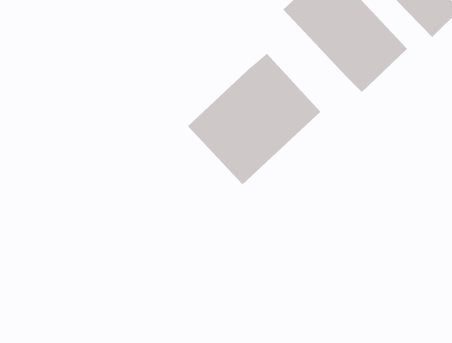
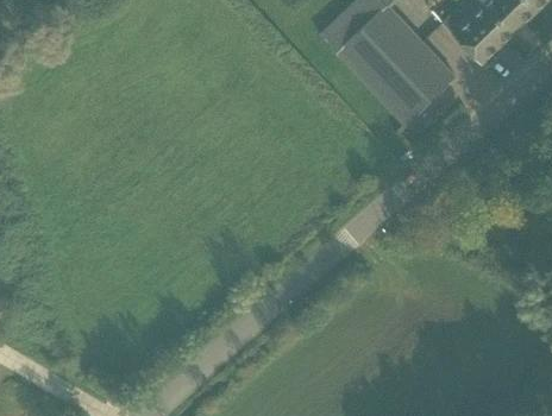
building: [187,53,321,185] -> none

